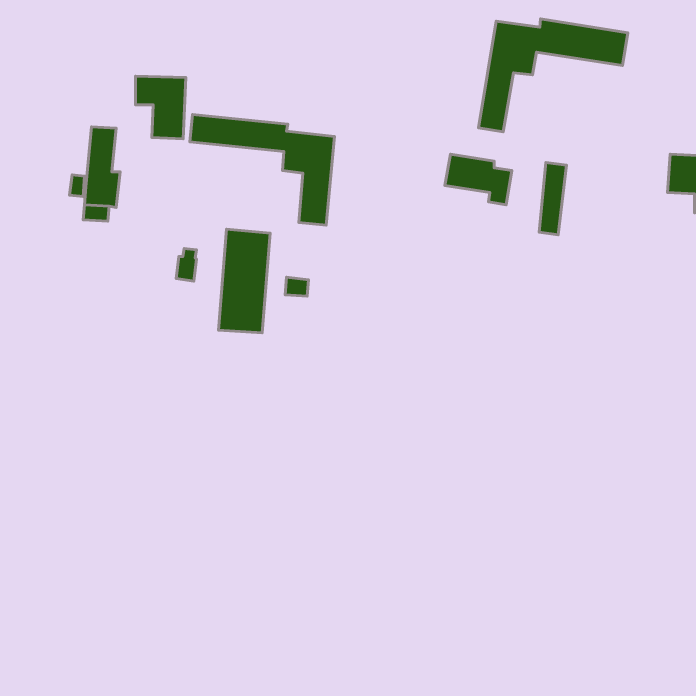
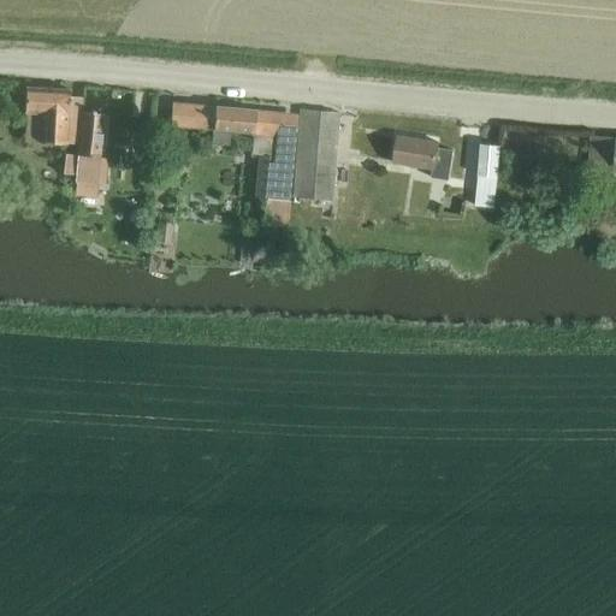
building: [478,19,628,132] -> none
building: [135,76,186,139] -> [24,88,69,143]
building: [218,229,270,333] -> [292,109,338,201]

